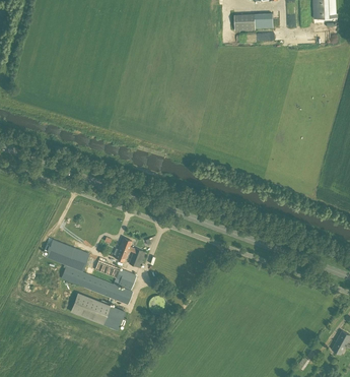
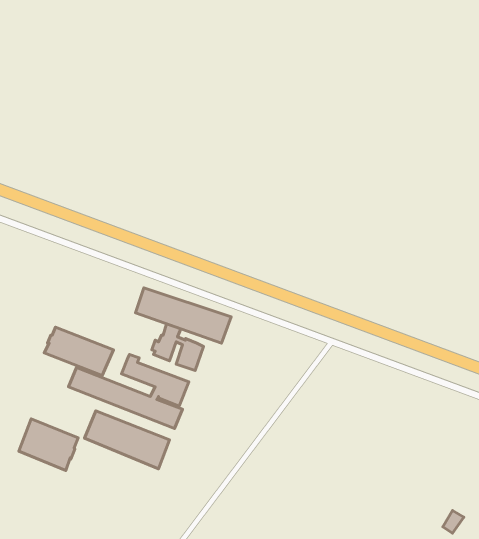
building: none -> [135,288,231,343]
building: none -> [19,419,78,471]

